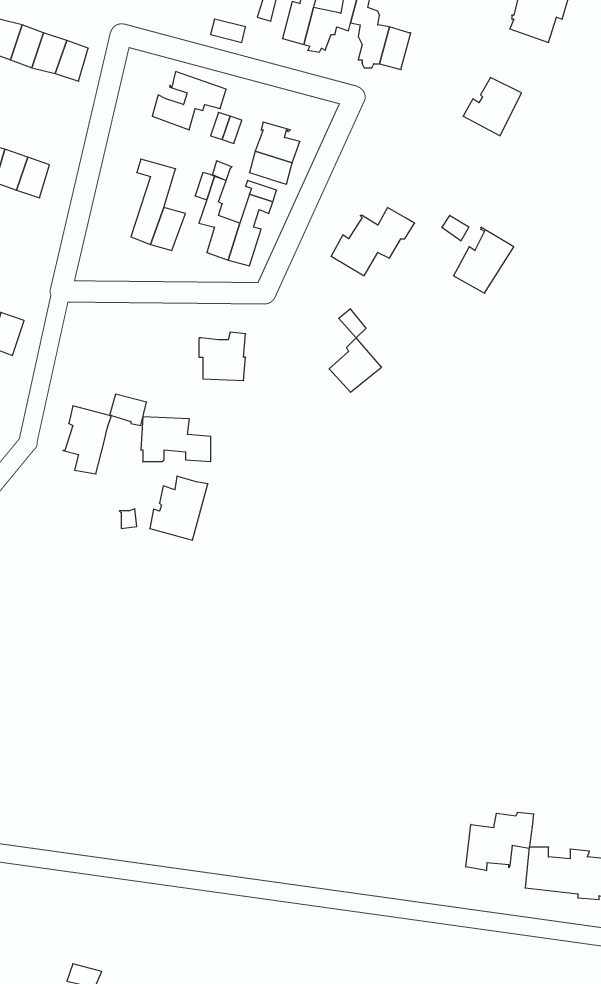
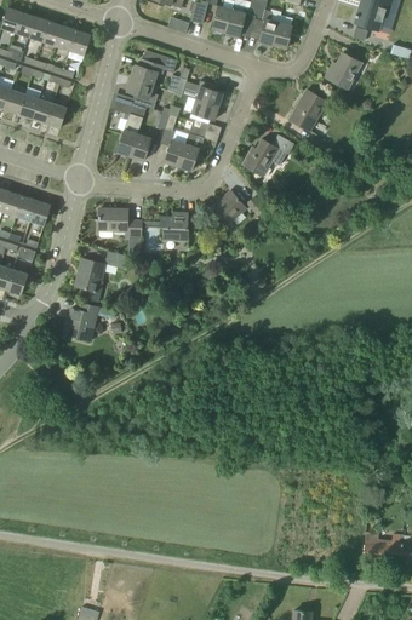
building: none -> [124,78,158,110]
building: [453,227,514,293] -> [290,90,327,131]
building: [329,338,382,392] -> [213,190,246,224]
building: [141,417,211,462] -> [98,209,142,237]
building: [150,476,208,540] -> [63,302,99,341]
building: [466,812,534,871] -> none

